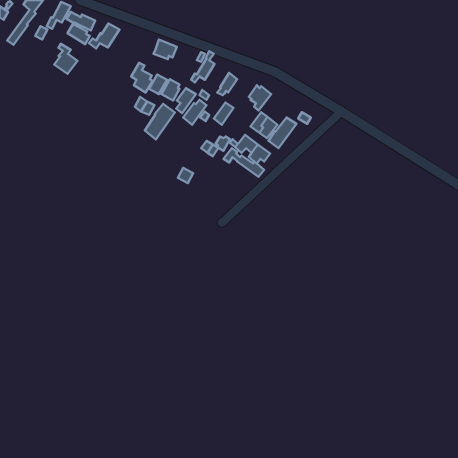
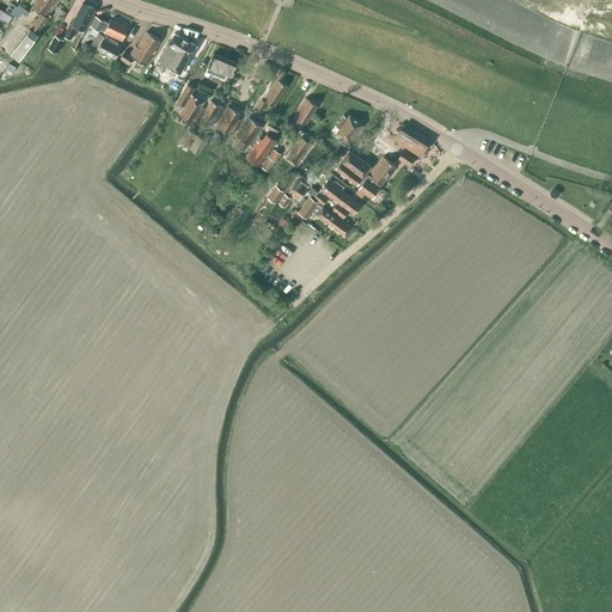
building: none -> [157,33,195,75]
building: [54,44,77,74] -> none
building: none -> [392,126,429,155]
building: [145,104,175,139] -> none

